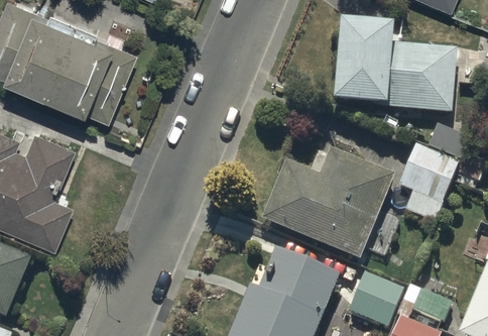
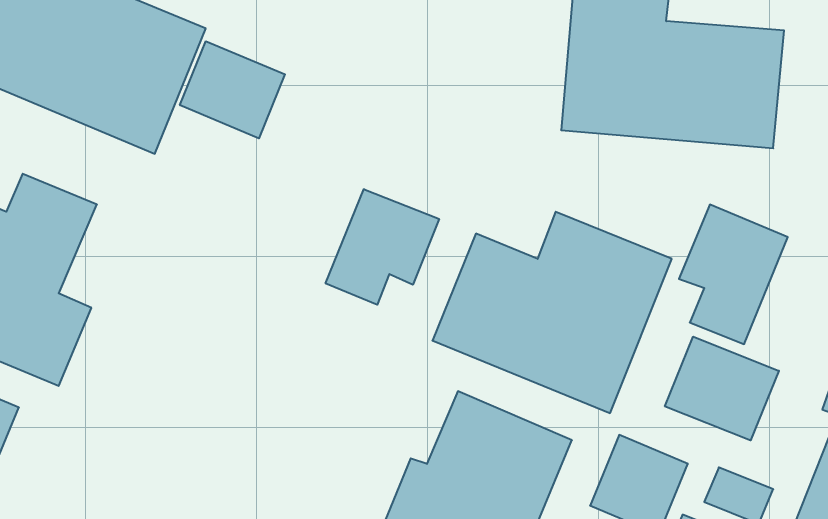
building: none -> [180,41,285,138]
building: none -> [326,189,439,305]
building: none -> [665,337,779,440]

